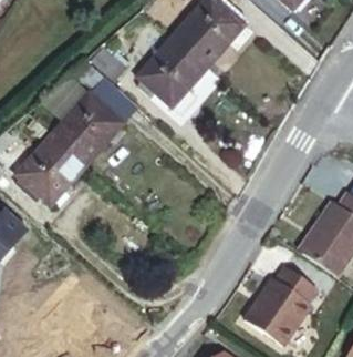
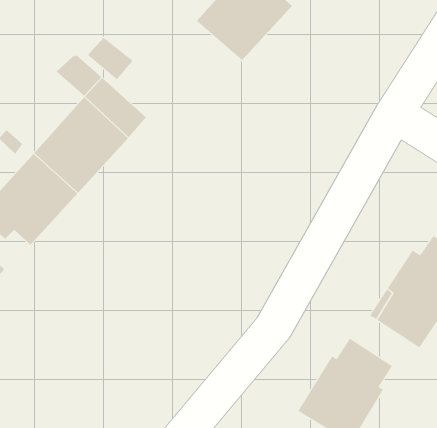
building: [136,33,207,103] -> none

